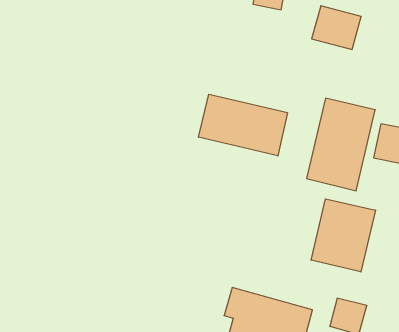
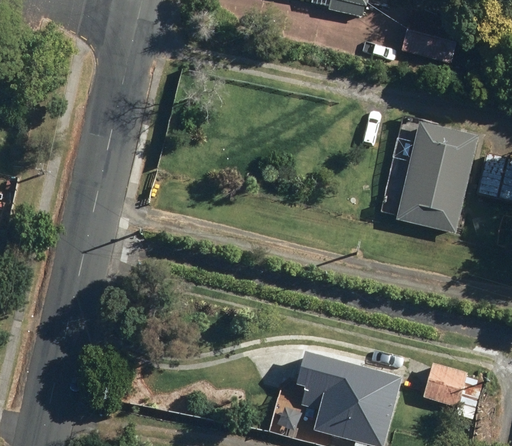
building: [199,94,287,156] -> none
building: [311,199,375,272] -> none

